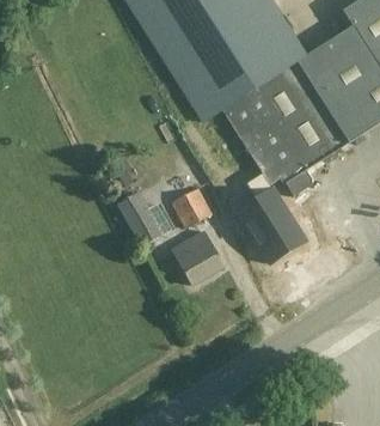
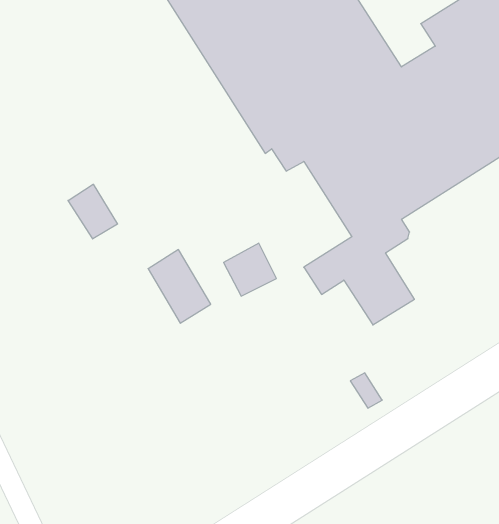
building: none -> [68,184,118,239]
building: [171,230,223,284] -> none

